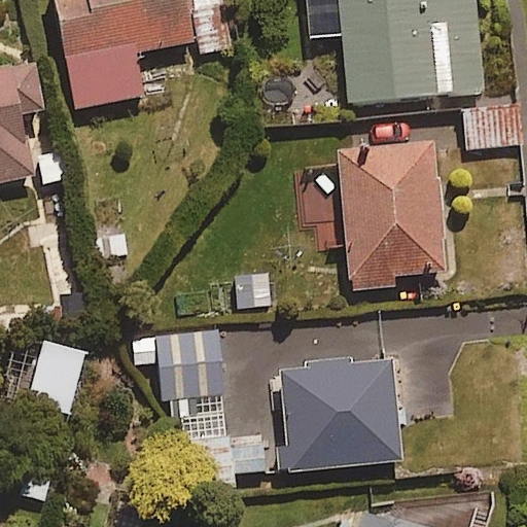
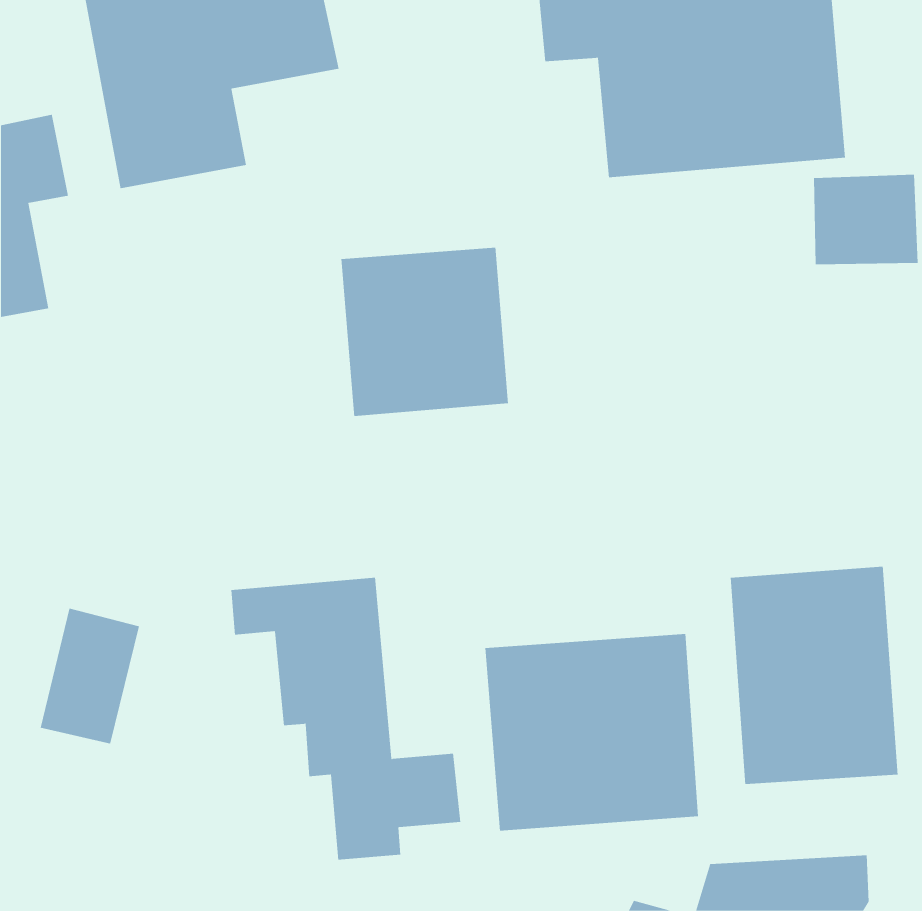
building: none -> [341,247,508,417]
building: [340,144,445,287] -> none
building: none -> [730,566,898,785]

